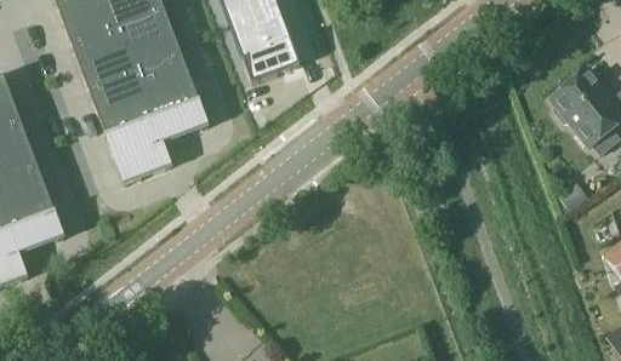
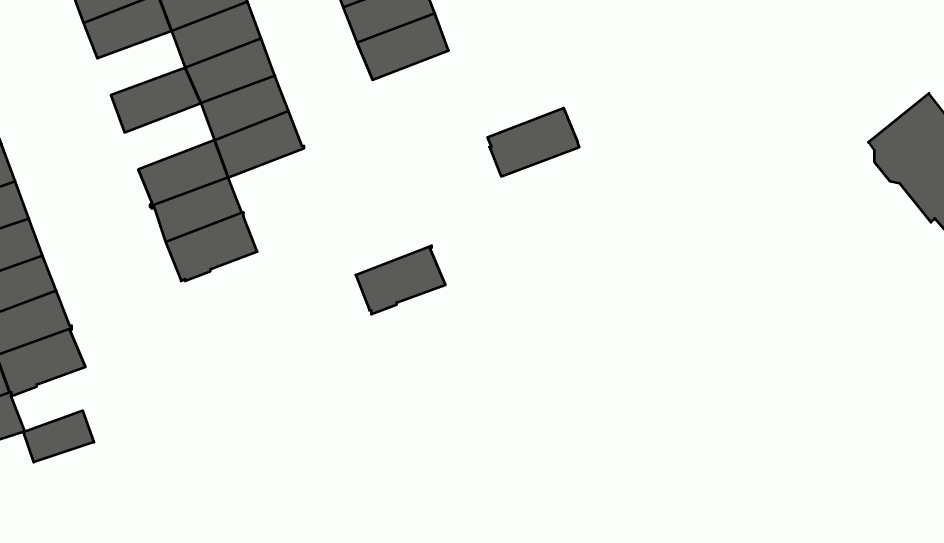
building: [72,27,126,67] -> none
building: [243,39,300,81] -> [488,108,579,176]
building: [89,71,144,113] -> none
building: [153,99,209,142] -> [356,246,445,314]
building: none -> [23,411,94,462]

